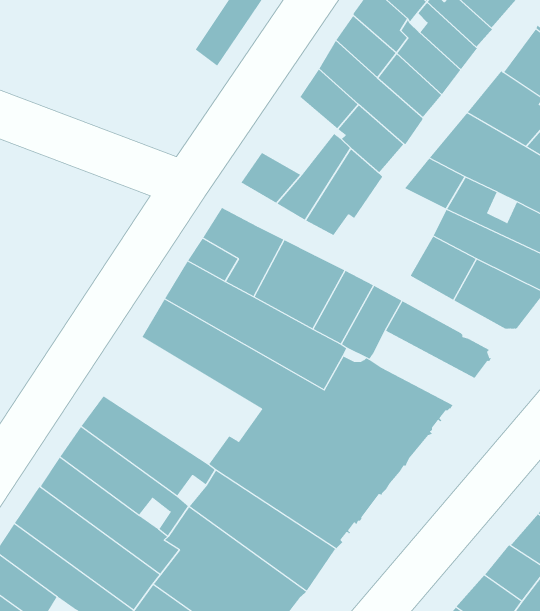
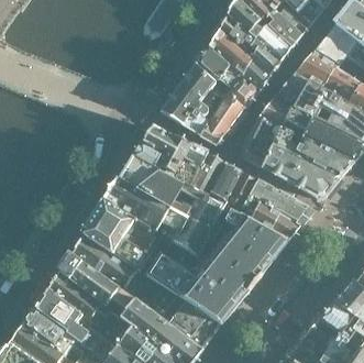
building: none -> [176,62,218,108]
building: none -> [243,116,283,166]
building: none -> [241,198,299,241]
building: none -> [85,201,176,275]

